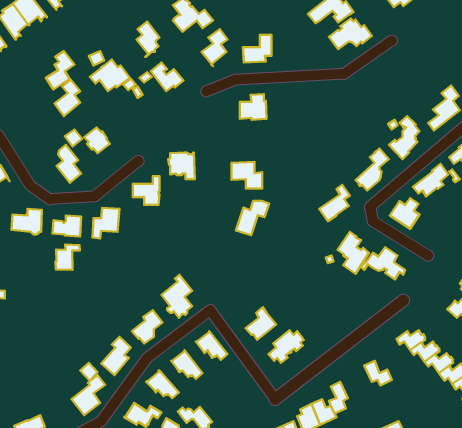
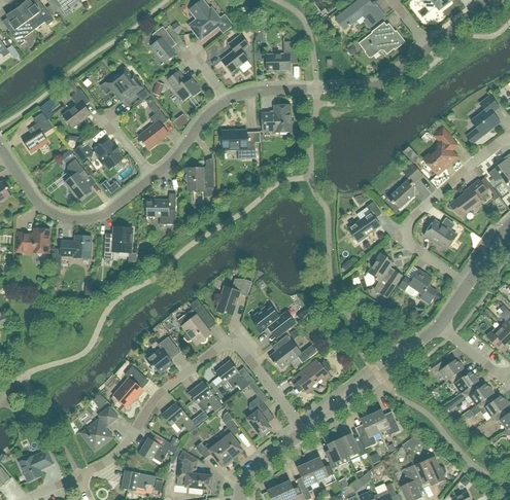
building: [46,51,74,89] -> [22,111,53,152]
building: none -> [138,109,168,148]
building: [232,162,262,189] -> [222,130,254,158]
building: [236,201,269,235] -> [215,278,251,315]
building: [56,245,80,270] -> none
building: none -> [253,307,295,334]
building: [364,361,392,386] -> [370,408,400,435]
building: none -> [246,395,270,435]
building: none -> [218,419,242,457]

